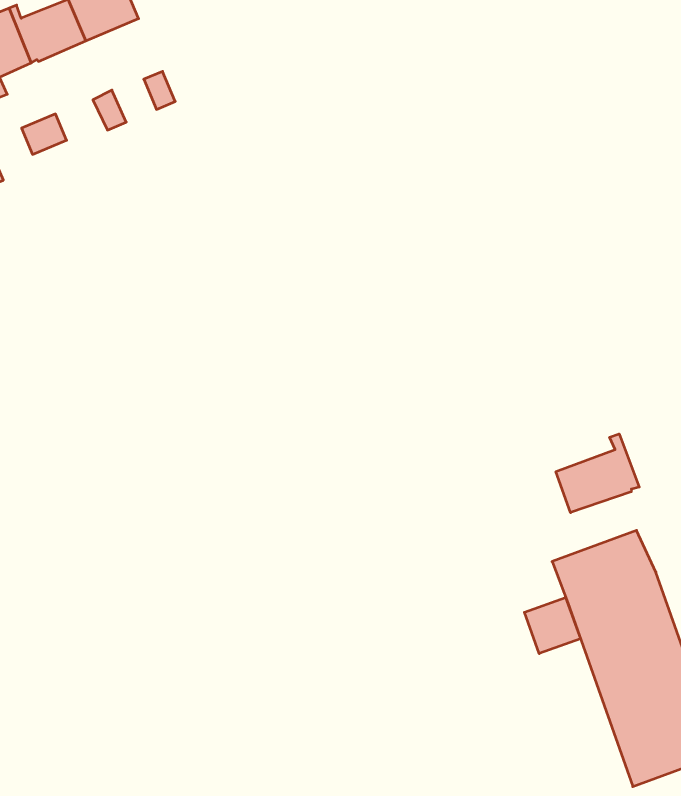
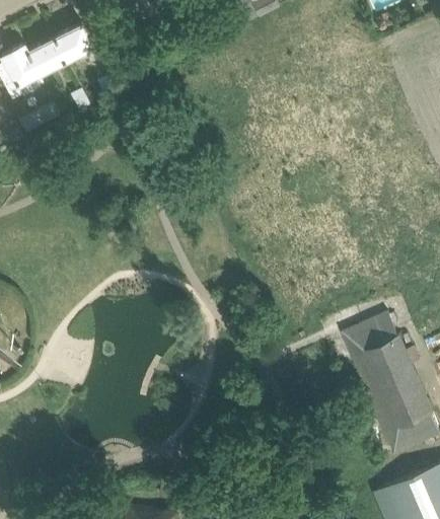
building: [556,434,639,513] -> none
building: [524,597,580,654] -> none

